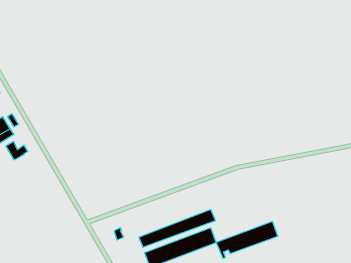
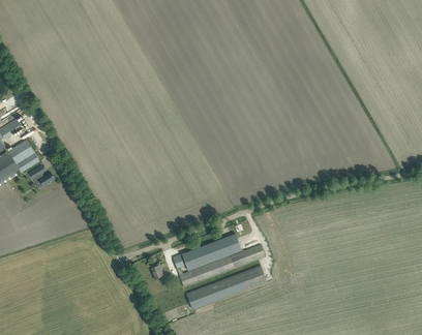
building: [216,221,278,258] -> [172,234,241,275]

